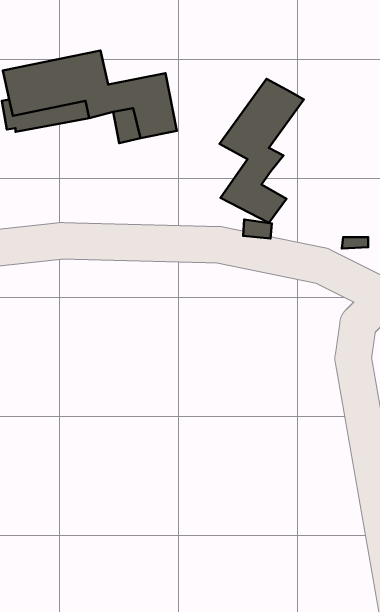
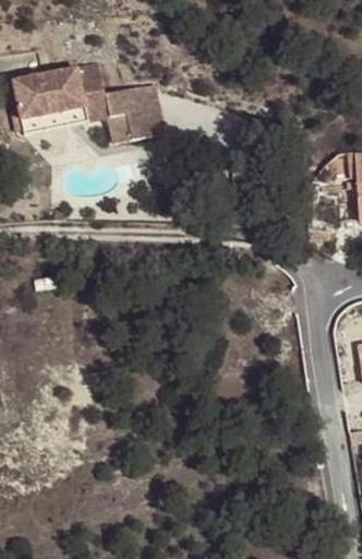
building: [220,79,304,223] -> none

